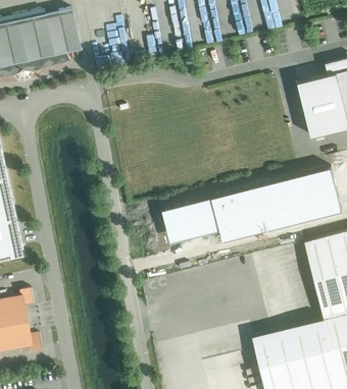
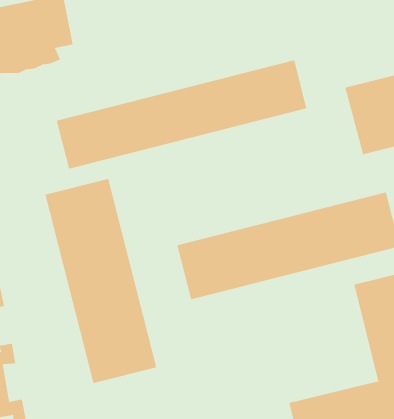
building: none -> [56,59,307,169]
building: none -> [45,178,157,384]

